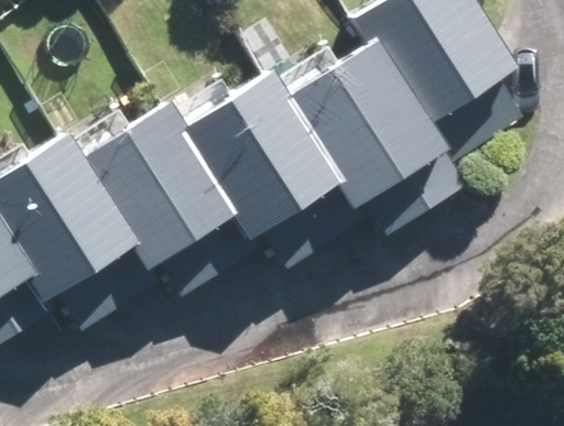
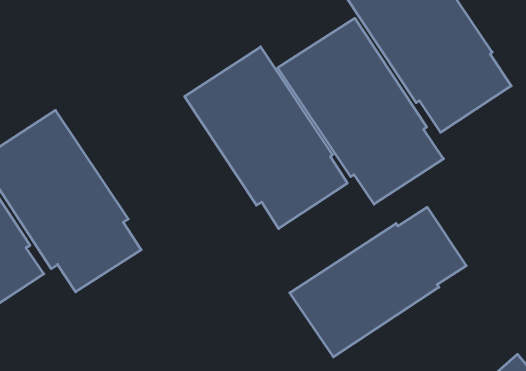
building: [84,95,251,283] -> none
building: none -> [290,207,466,357]

